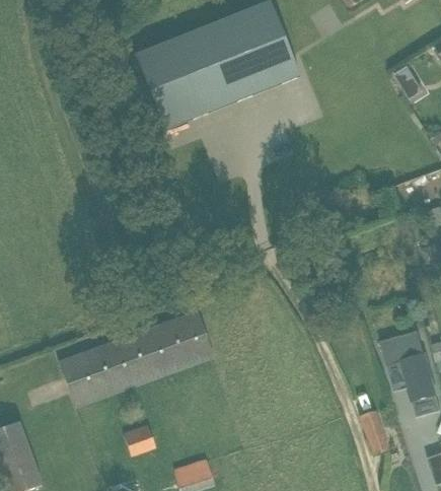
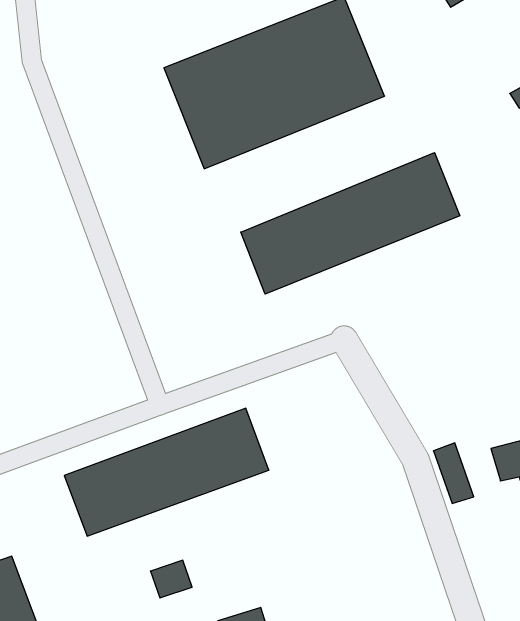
building: none -> [241,153,460,294]
building: [359,409,389,454] -> [433,443,474,503]

